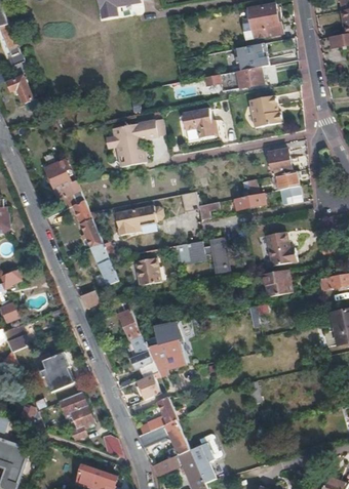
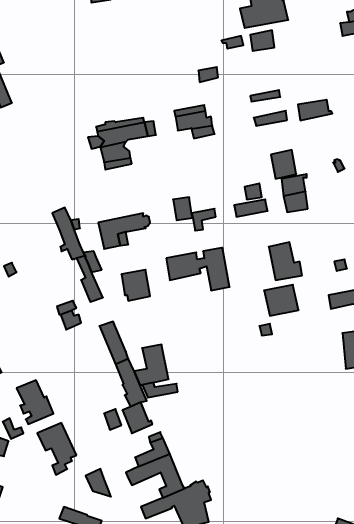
building: [235,67,264,88] -> none
building: [249,101,280,120] -> [298,100,332,120]
building: [44,160,83,206] -> none

